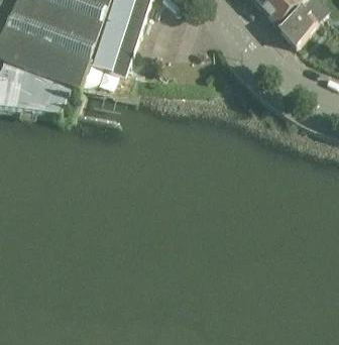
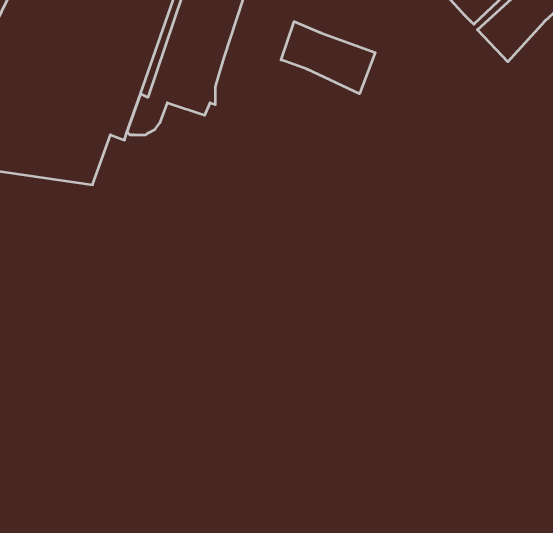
building: none -> [281,22,375,94]

